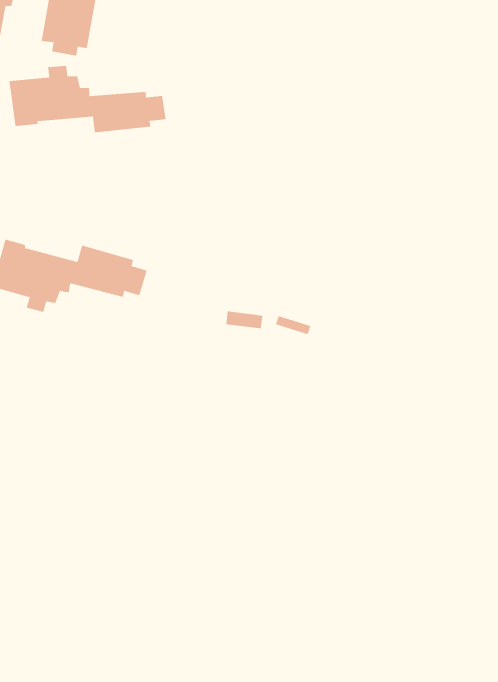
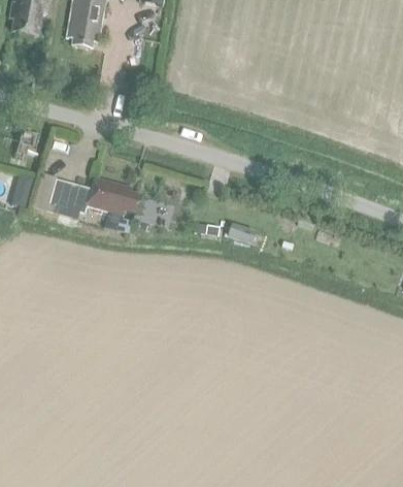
building: [9,65,166,133] -> none

